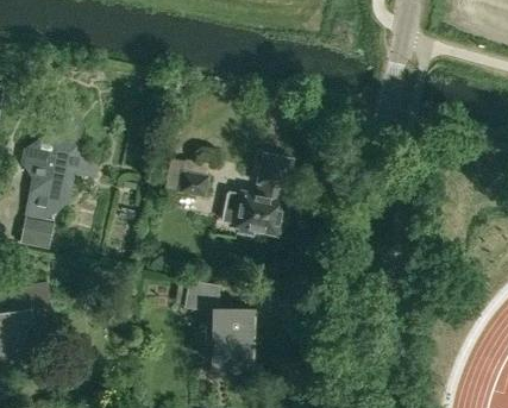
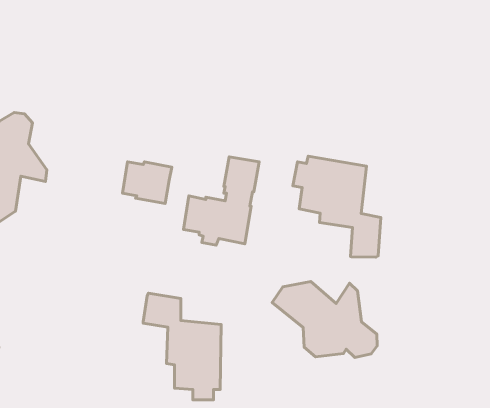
building: none -> [293,156,381,257]
building: none -> [272,282,377,358]

